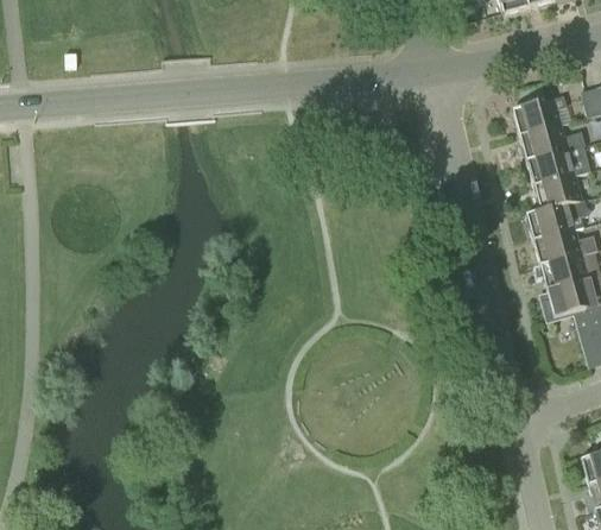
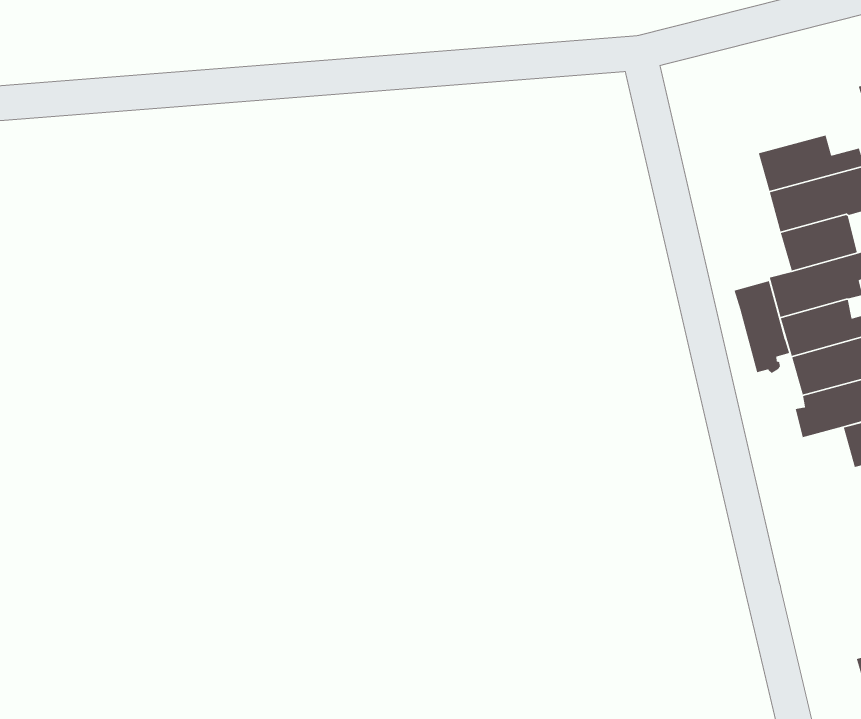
building: [512,94,570,134] -> none
building: none -> [734,280,790,374]

